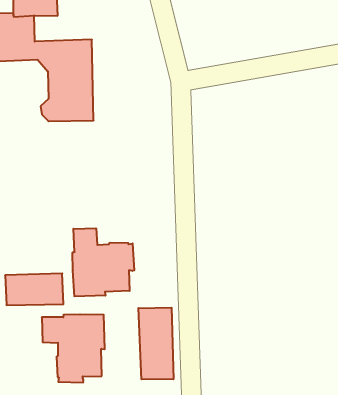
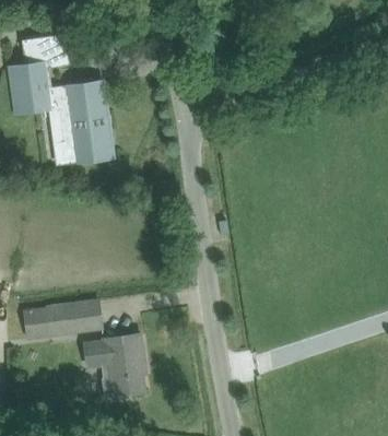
building: [73,228,134,296] -> none
building: [138,308,173,379] -> none

